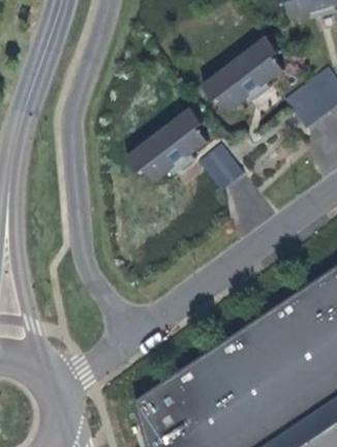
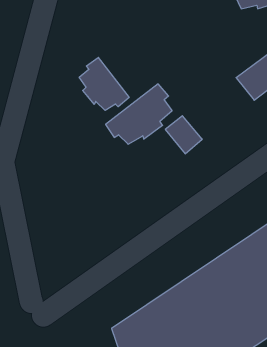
building: [201,37,281,111] -> none
building: none -> [79,57,129,110]

